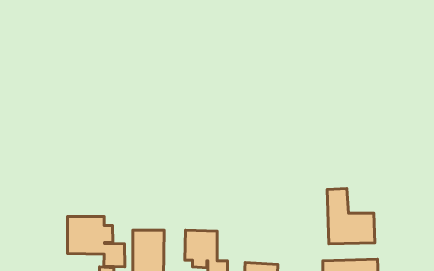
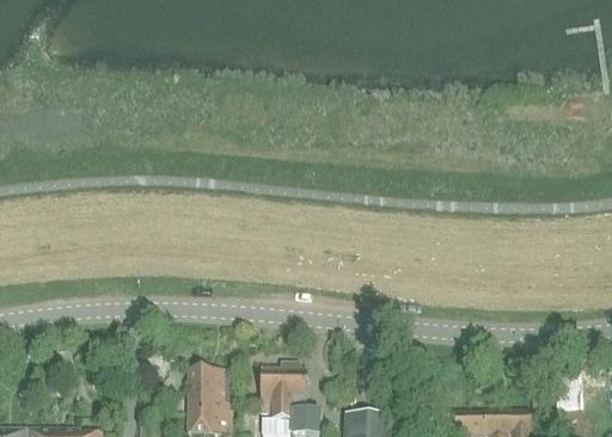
building: [327,188,375,244] -> none
building: [68,216,125,267] -> none

